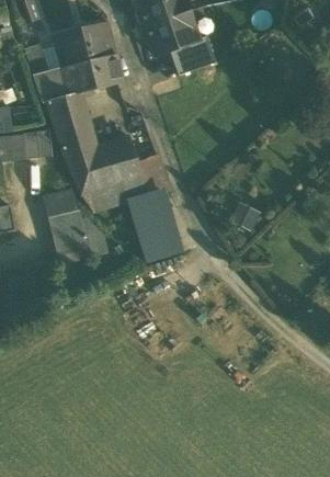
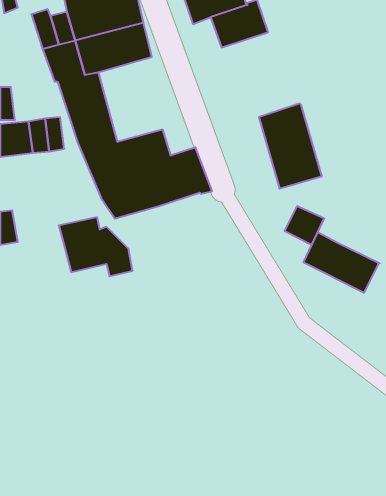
building: [44,189,79,216] -> none
building: [128,190,179,258] -> [259,104,322,189]
building: none -> [304,232,380,293]

